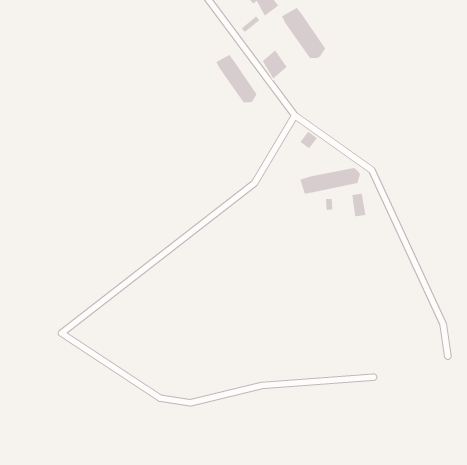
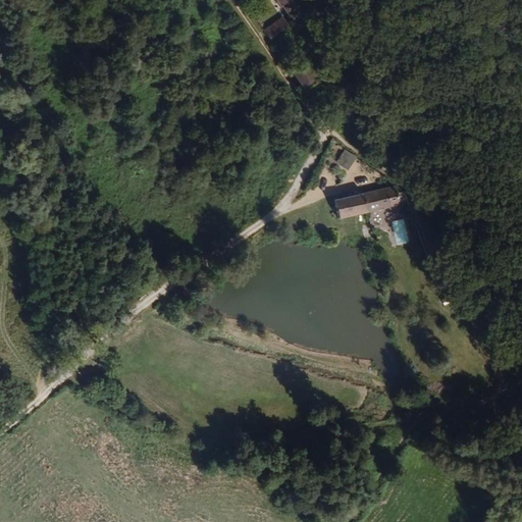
building: [281,7,326,59] -> none
building: [216,54,257,103] -> none

